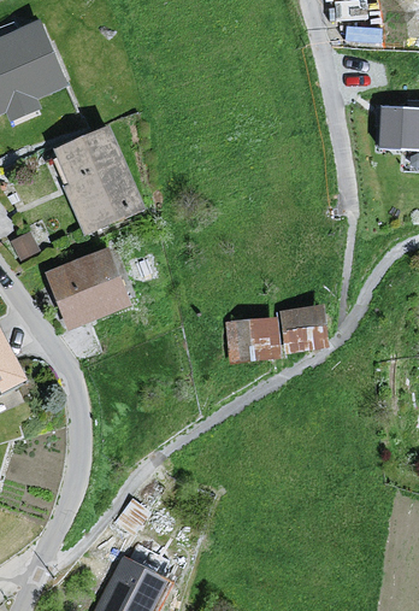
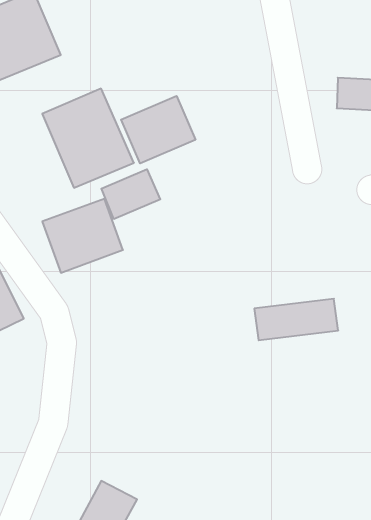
building: none -> [121,96,195,163]
building: none -> [101,169,160,219]
building: [224,311,317,357] -> [254,299,338,340]

